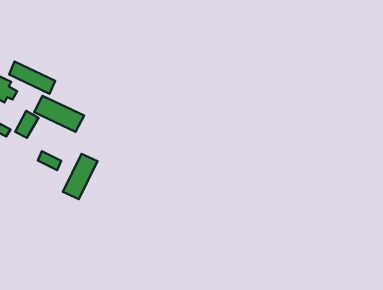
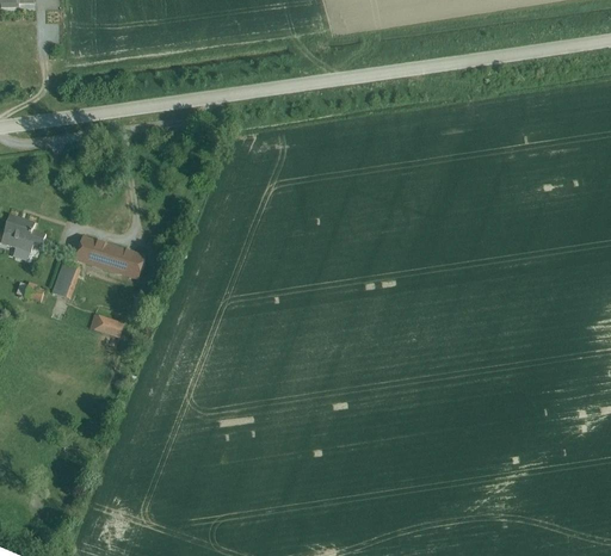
building: [9,62,55,94] -> none
building: [63,154,98,199] -> none

